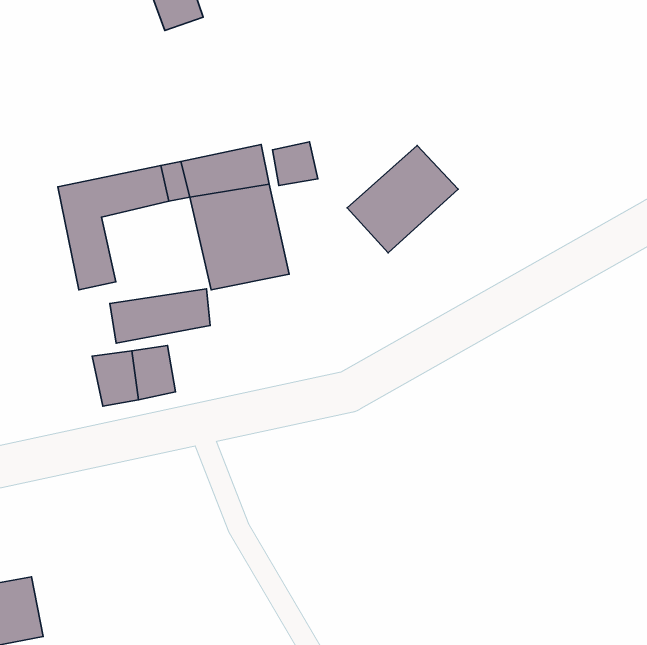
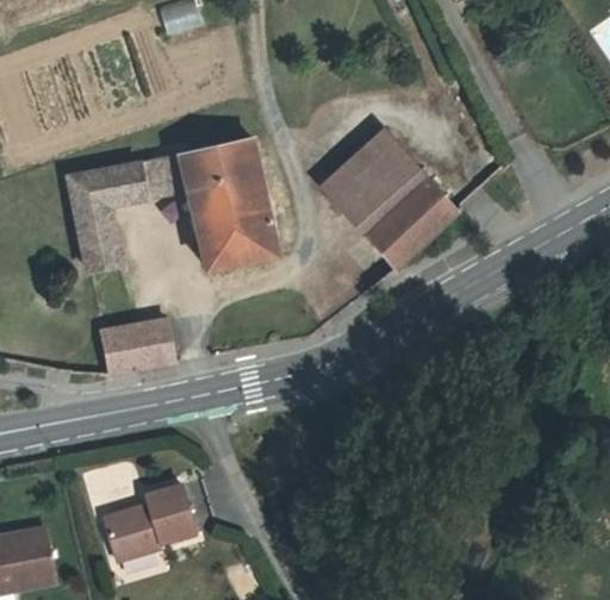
building: [272,142,318,185] -> none
building: none -> [367,179,458,268]
building: [110,289,210,343] -> none
building: none -> [104,483,195,561]

